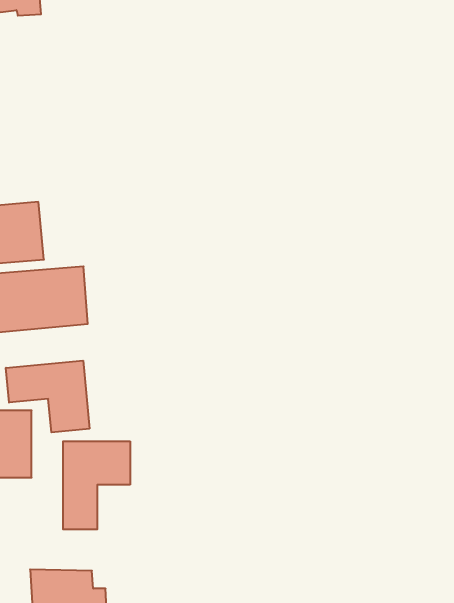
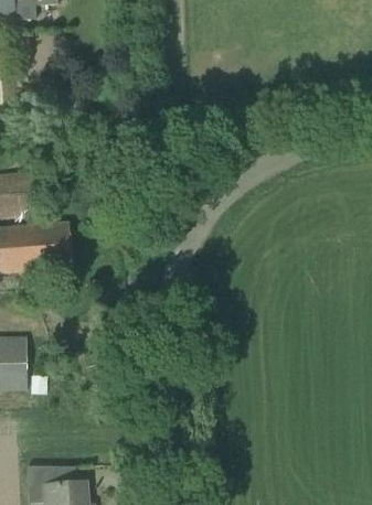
building: [6,361,89,432] -> none
building: [63,441,130,529] -> none

